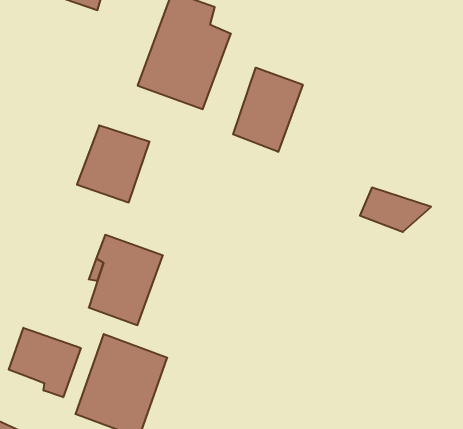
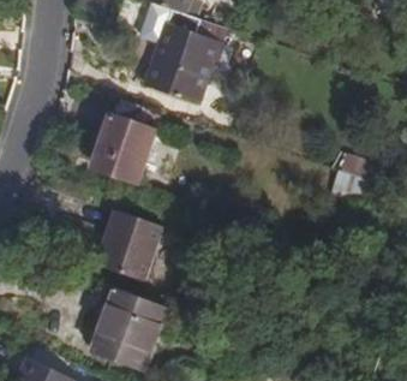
building: [233,68,303,152] -> none
building: [9,328,81,397] -> none

